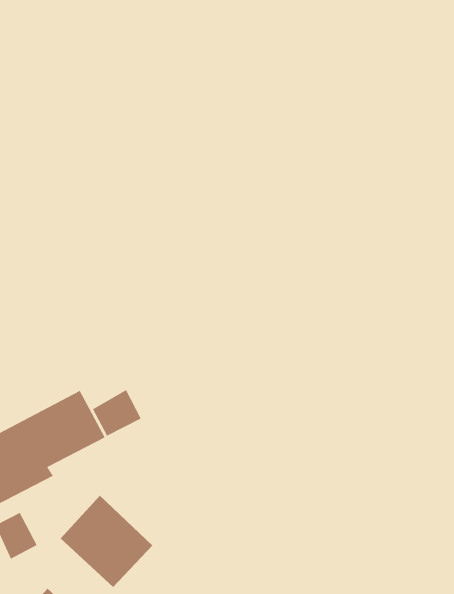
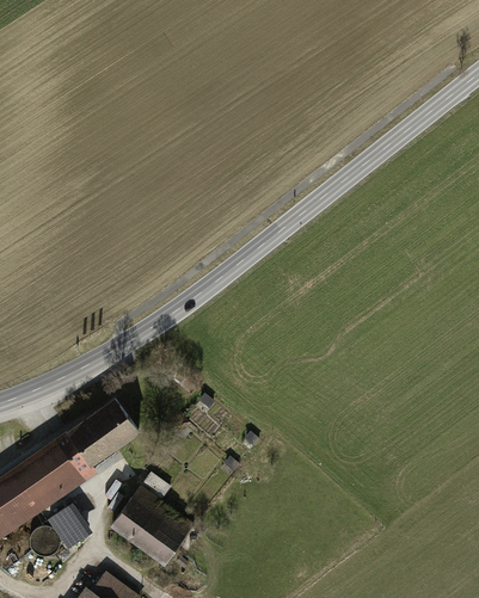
building: [92,389,141,436] -> none

